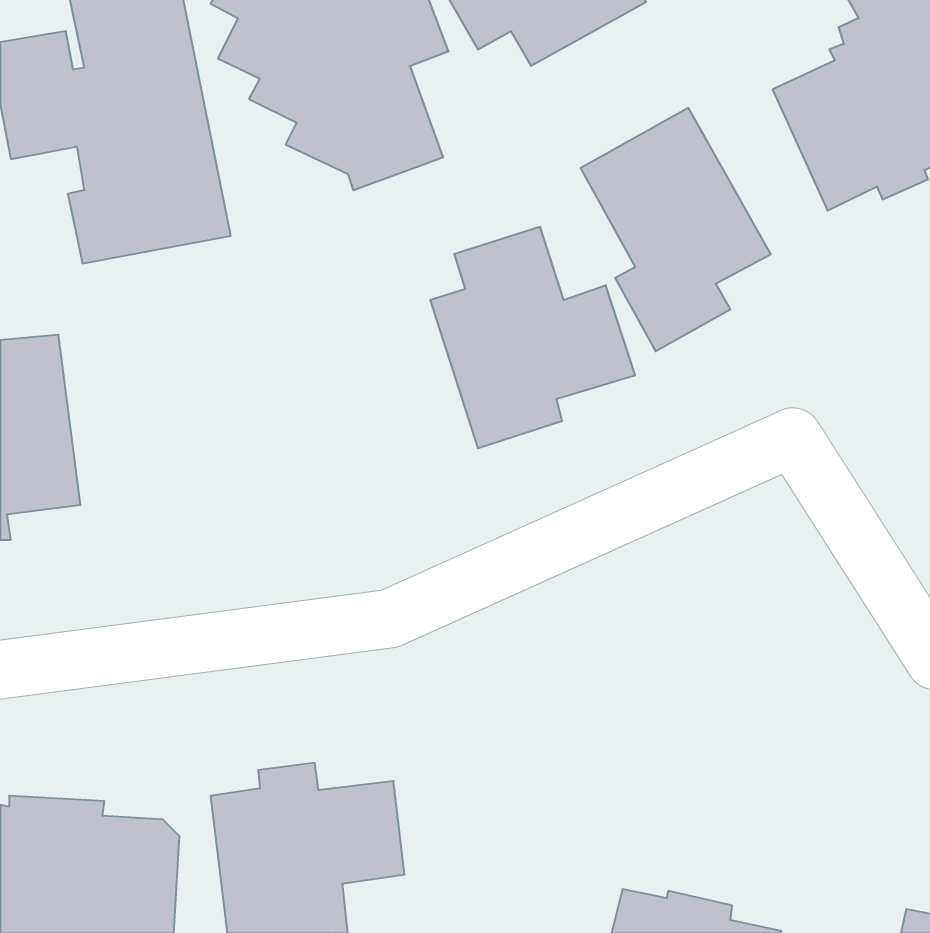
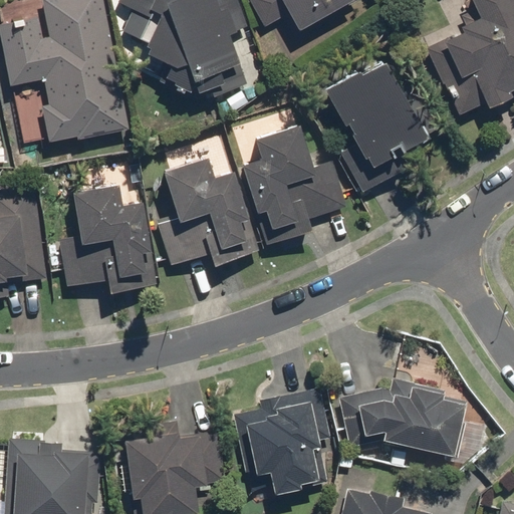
building: none -> [156,159,259,267]
building: none -> [57,185,159,294]
building: none -> [336,376,487,464]
building: none -> [231,386,330,494]

